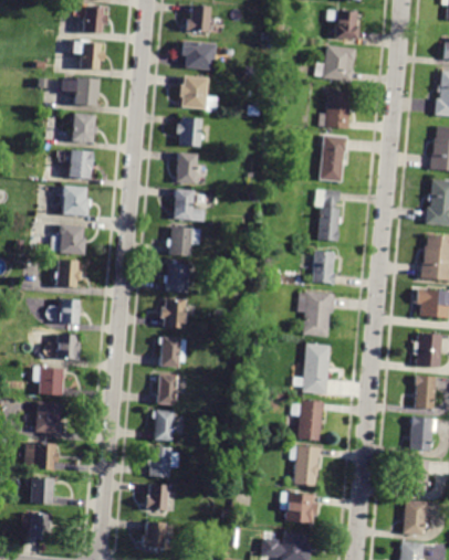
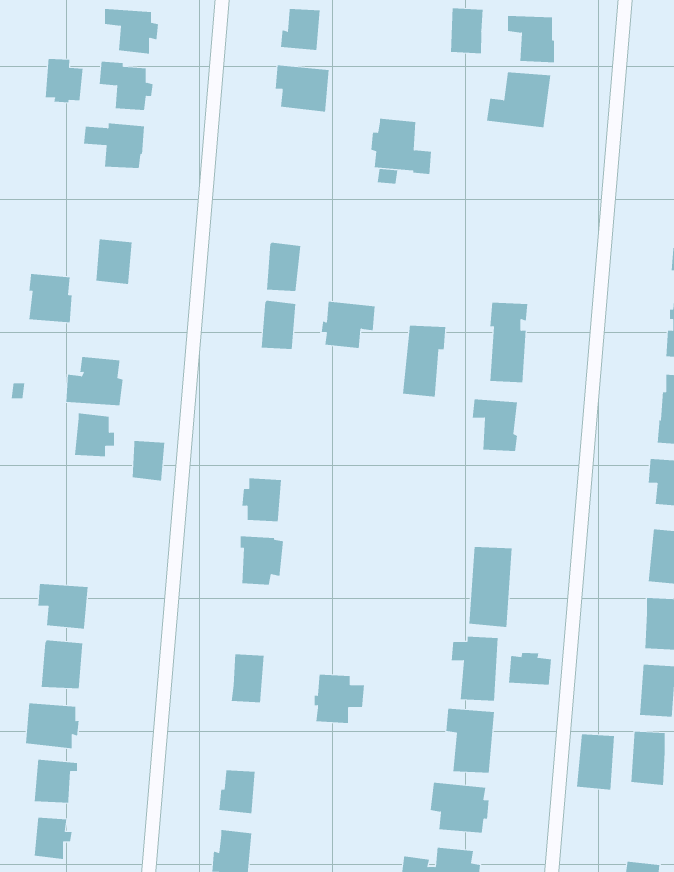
building: none -> [450,8,483,54]
building: none -> [45,58,83,103]
building: [178,76,217,112] -> [370,118,432,175]
building: [317,91,349,128] -> none
building: [71,114,97,142] -> none
building: [176,117,202,147] -> none
building: [319,136,346,181] -> [402,325,446,397]
building: [61,186,88,216] -> [28,274,72,323]
building: [166,226,200,256] -> [321,301,375,348]
building: [164,263,189,293] -> none
building: [299,292,334,336] -> none
building: [60,299,81,325] -> [132,441,165,481]
building: [56,334,80,360] -> none
building: [157,374,178,405] -> none
building: none -> [508,652,551,686]
building: [148,446,180,477] -> [314,674,365,723]
building: [403,500,427,536] -> [576,734,615,790]

